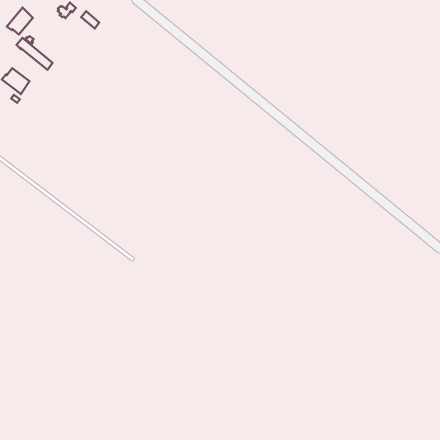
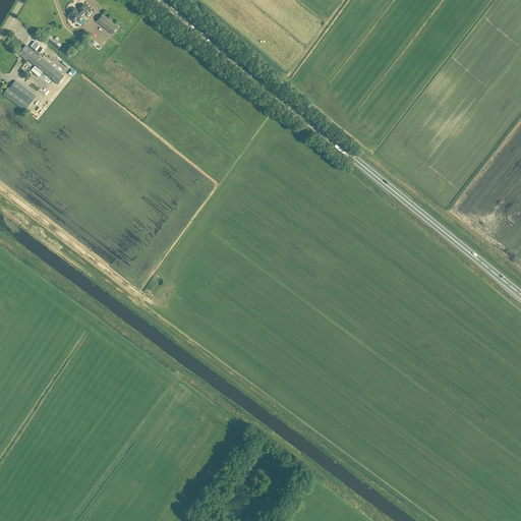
building: [7,8,33,34] -> none

